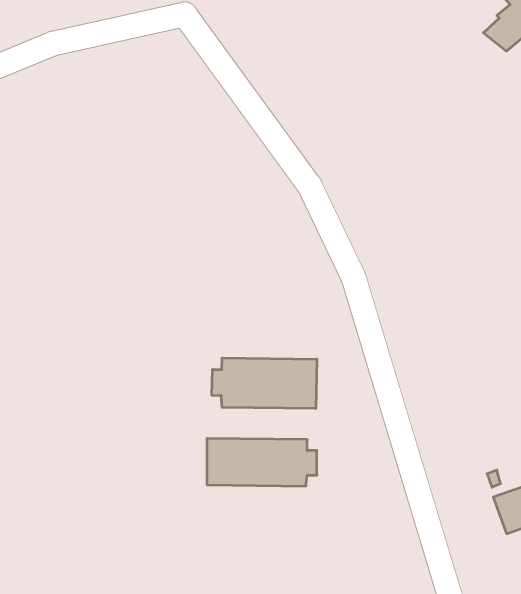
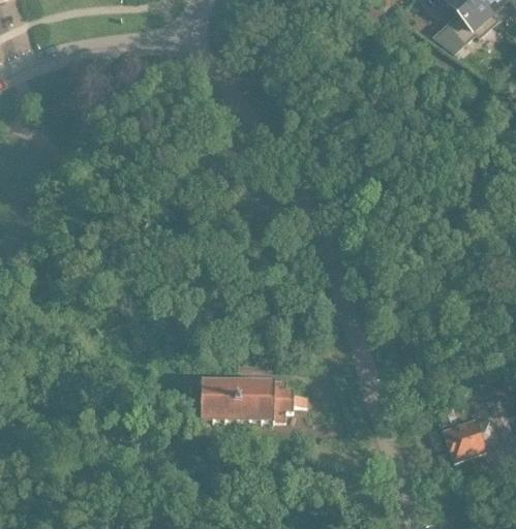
building: [212,358,317,409] -> none

